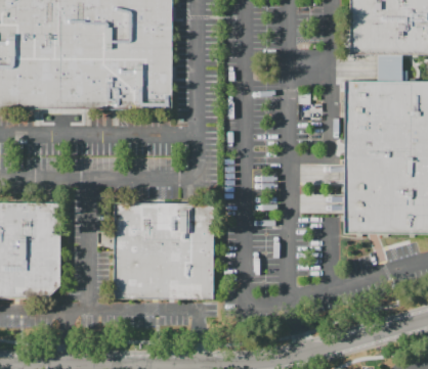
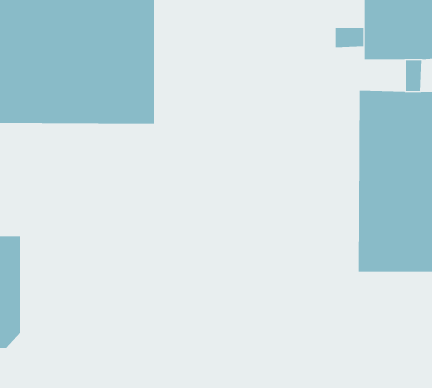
building: none -> [335,27,364,48]
building: [115,203,214,299] -> none

